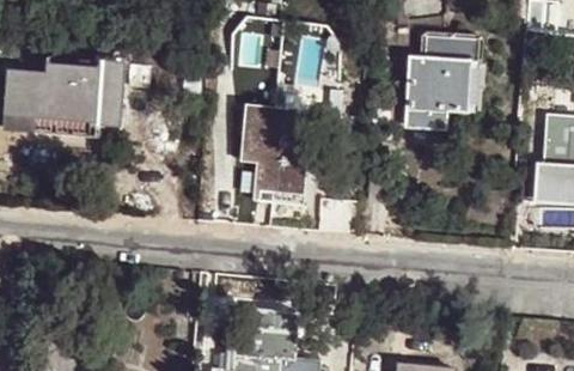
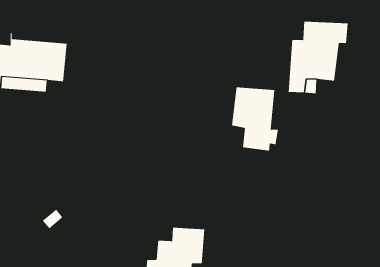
building: [239,110,301,194] -> [231,87,279,151]

